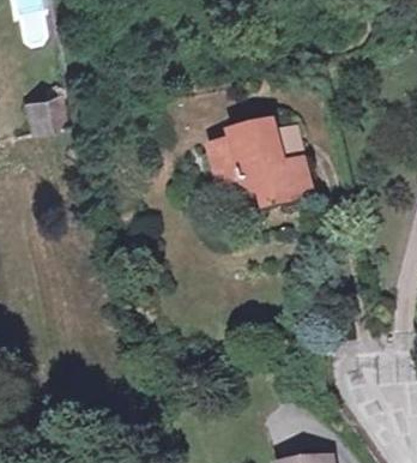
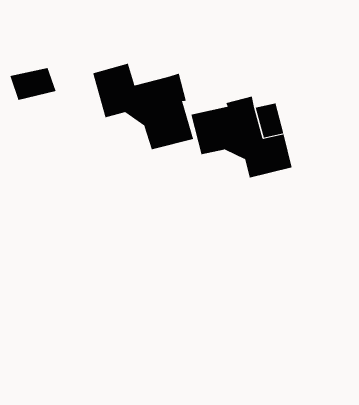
building: none -> [93,63,194,150]

